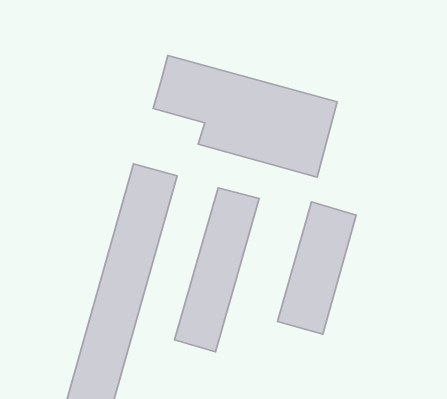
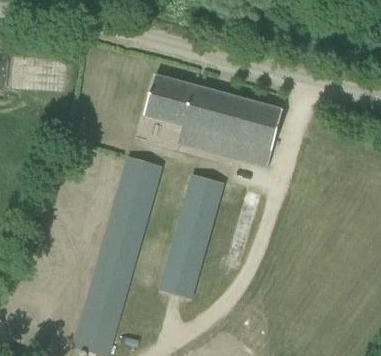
building: [277,202,356,334] -> none

